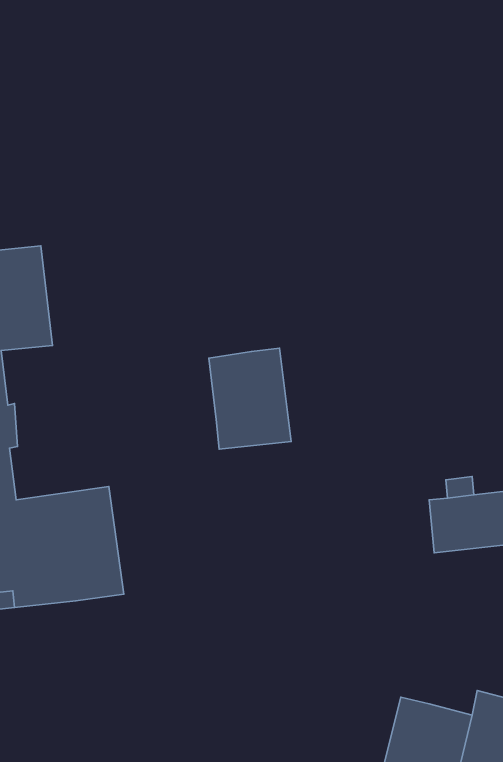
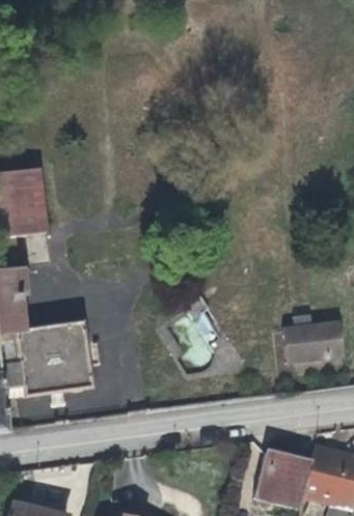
building: [209,348,291,449] -> none

